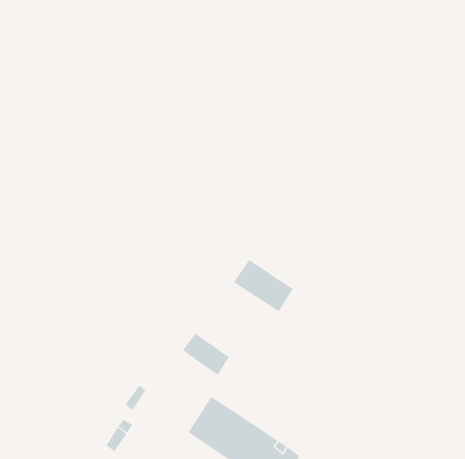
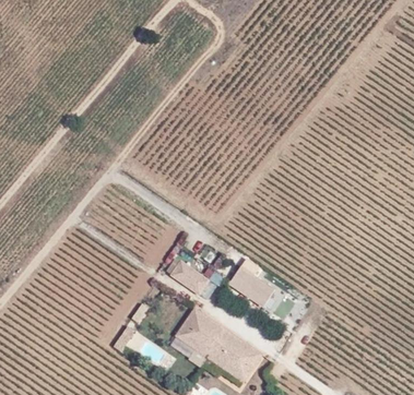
building: [233,259,293,312] -> [230,266,276,307]

